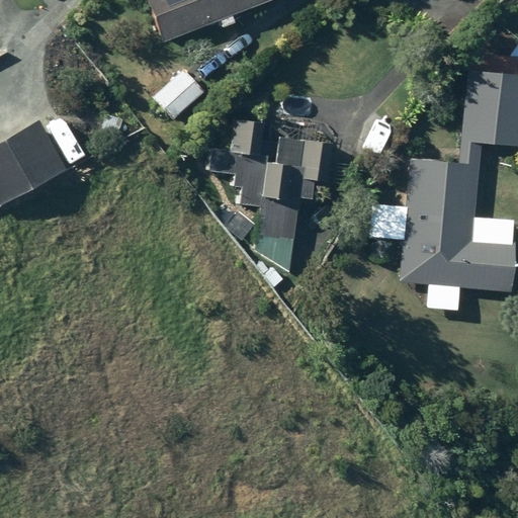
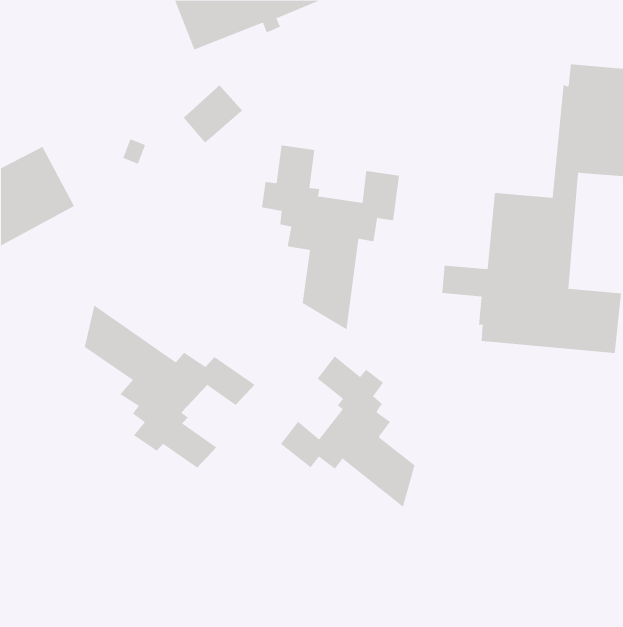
building: none -> [84,305,255,469]
building: none -> [280,356,415,508]

